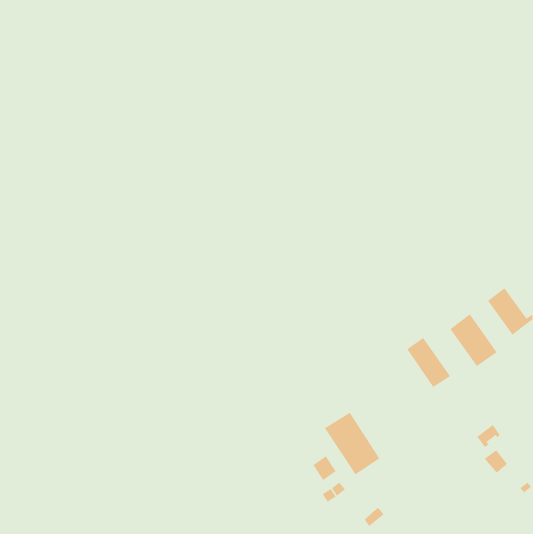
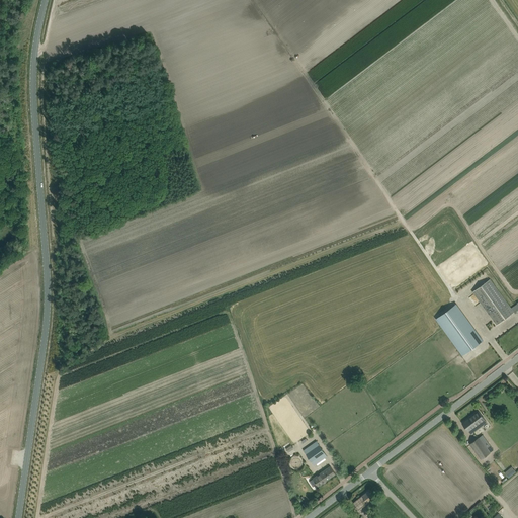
building: [407,337,451,388] -> none
building: [324,412,380,475] -> none

